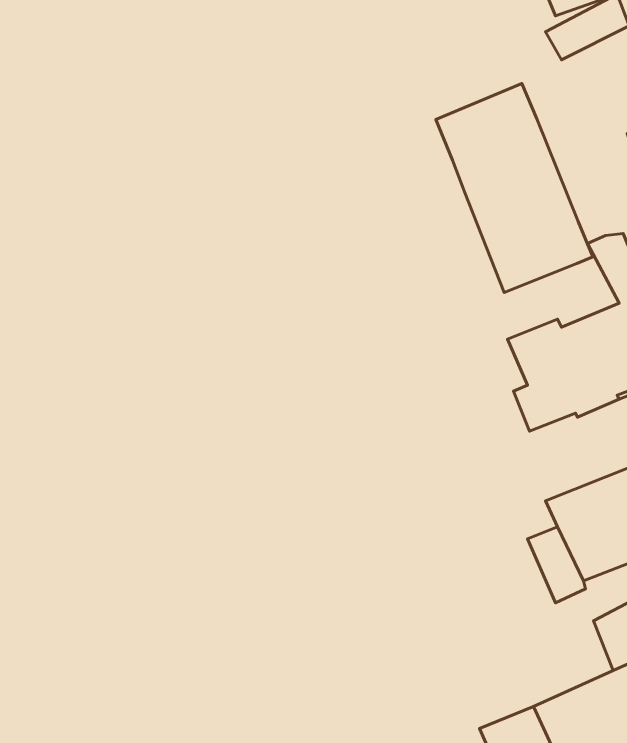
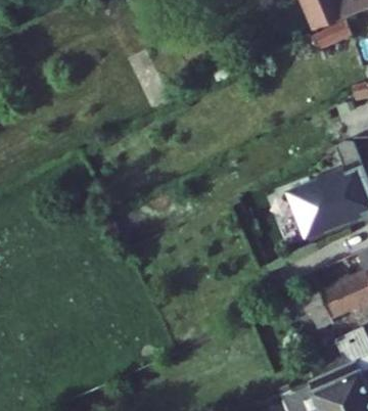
building: [436,84,593,292] -> none

